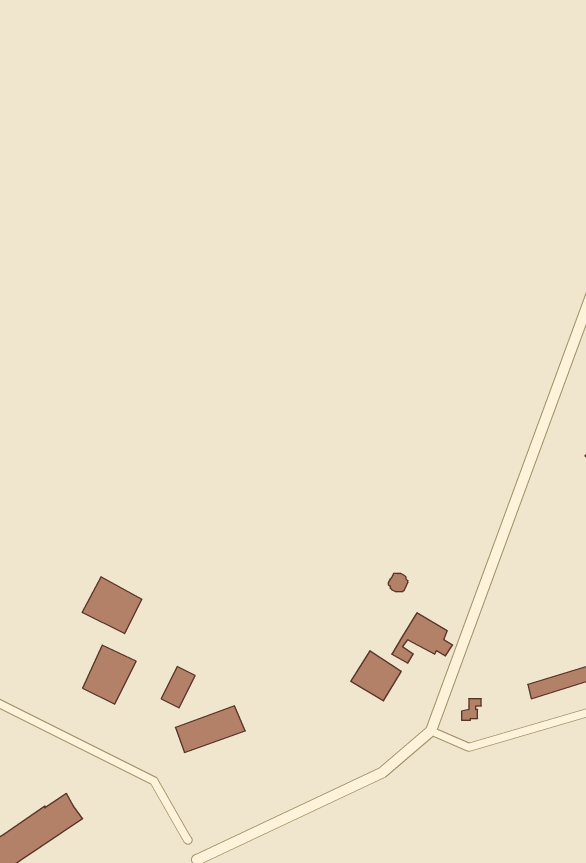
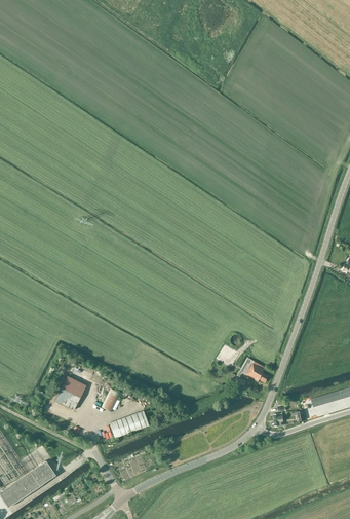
building: [82,577,142,634] -> none
building: [351,651,401,701] -> none

